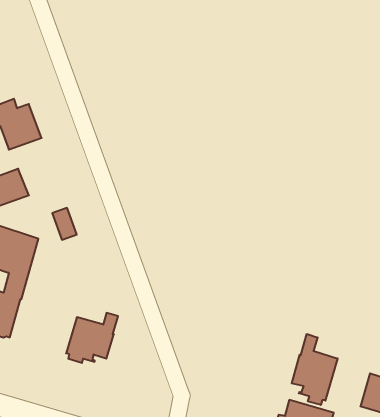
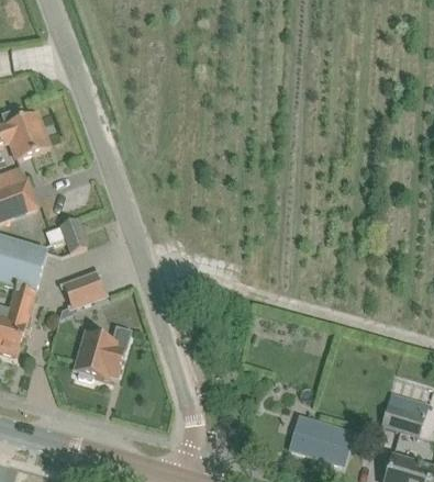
building: none -> [62,270,103,307]
building: [292,334,338,405] -> none

